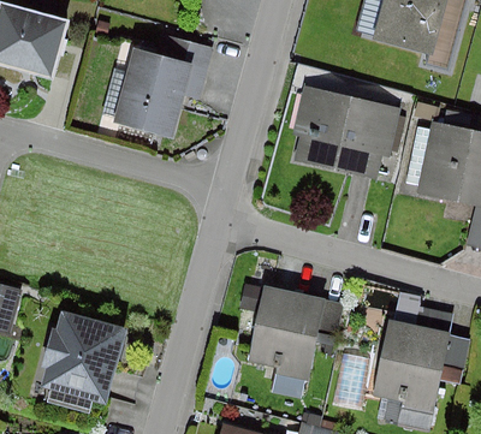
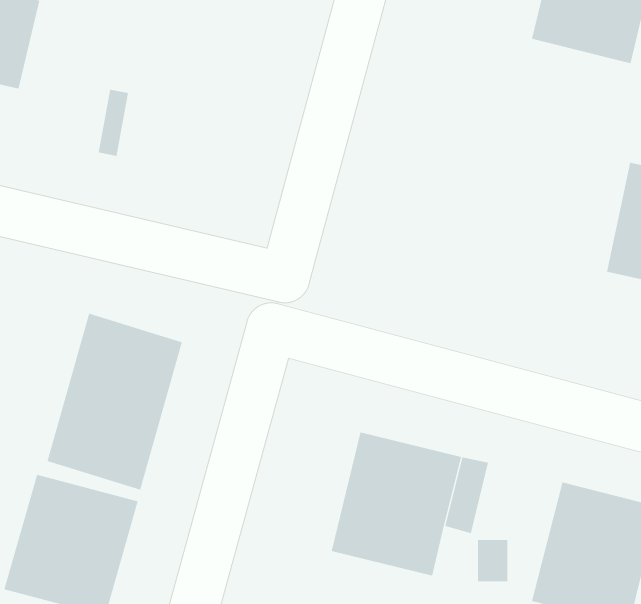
building: [118,44,194,132] -> none
building: [287,84,404,182] -> none
building: none -> [47,313,183,490]

